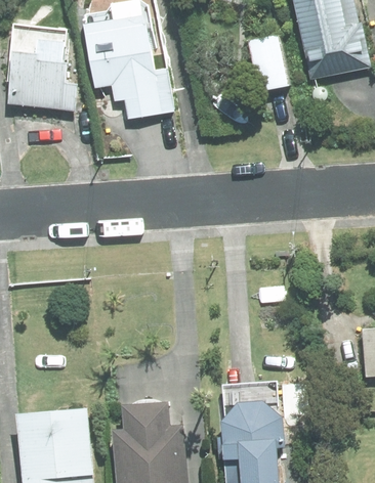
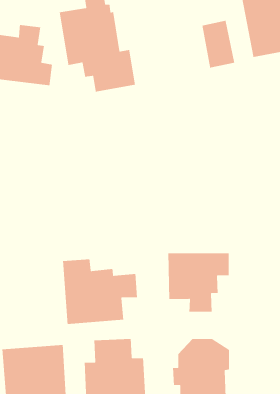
building: none -> [168,253,229,312]
building: none -> [62,258,138,325]

